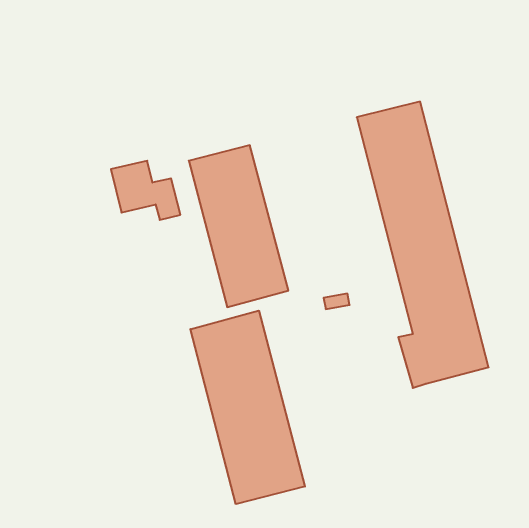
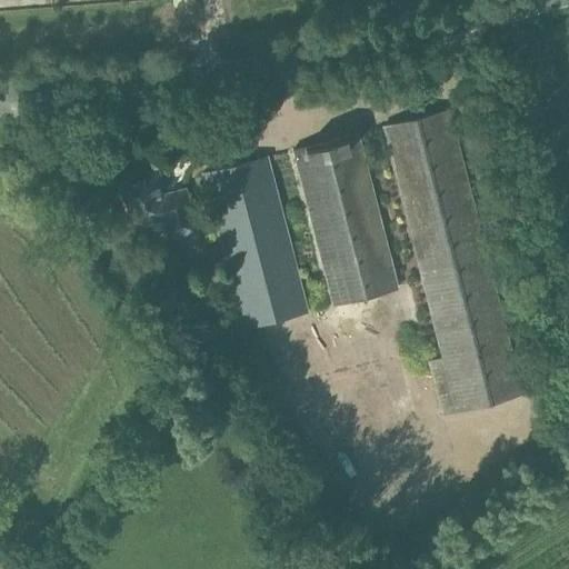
building: none -> [293,134,400,308]
building: [190,311,305,504] -> none

